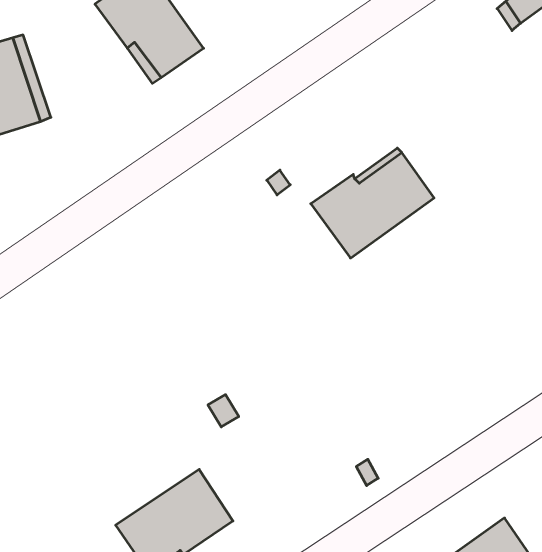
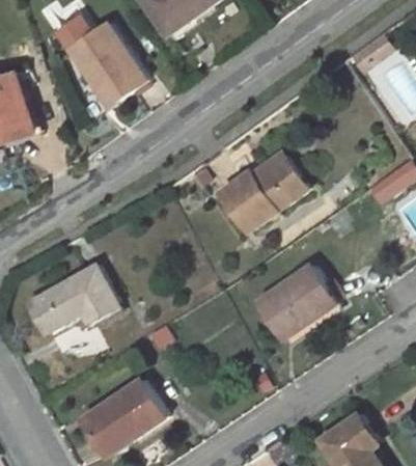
building: none -> [27,264,118,333]
building: none -> [257,265,336,338]

